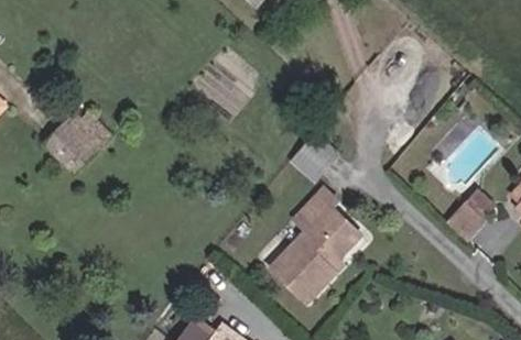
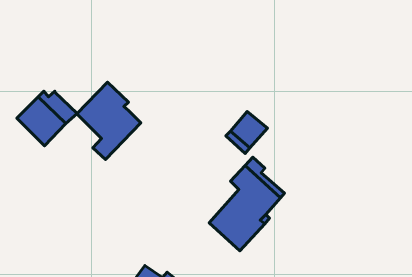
building: none -> [77,82,141,159]
building: [456,188,498,234] -> none

